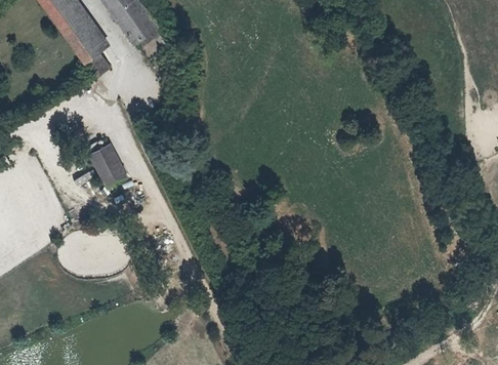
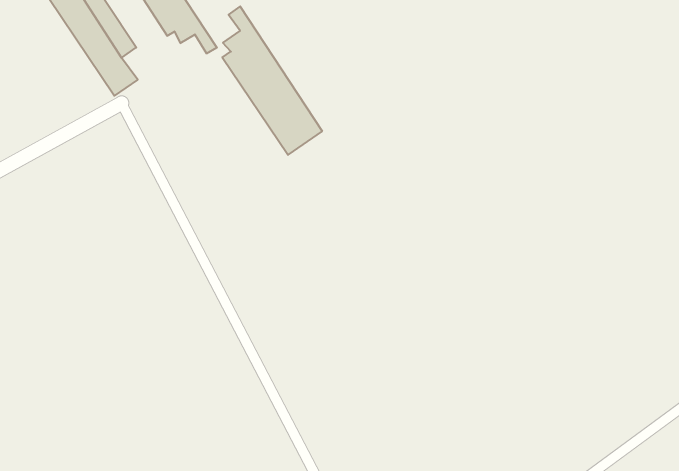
building: none -> [222,6,322,155]
building: [92,147,128,189] -> none

